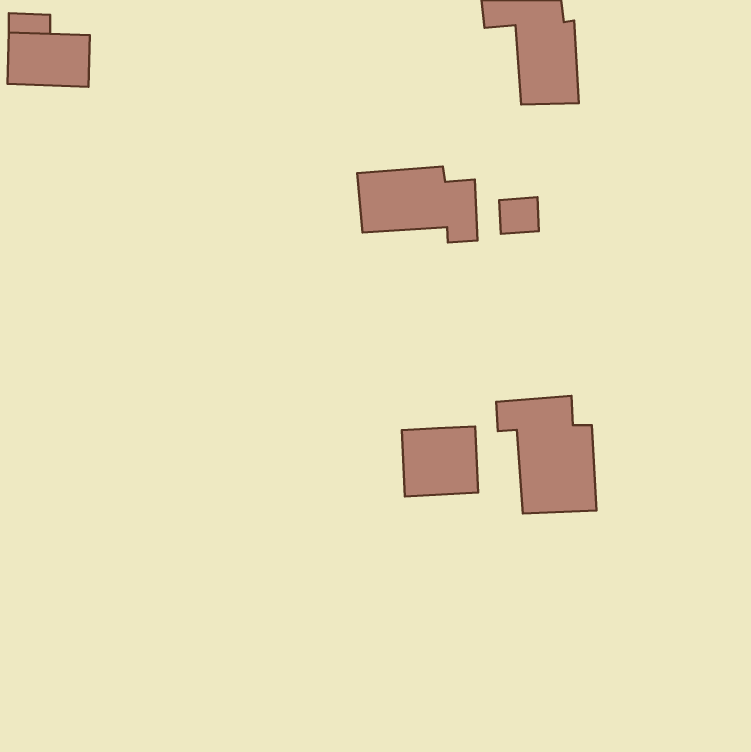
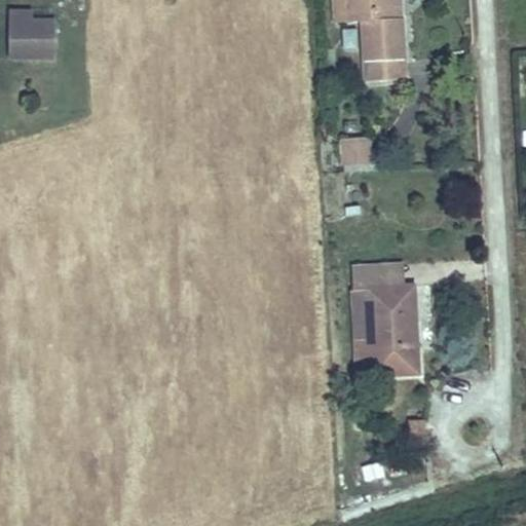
building: [357,166,477,243] -> none
building: [402,426,478,496] -> none

